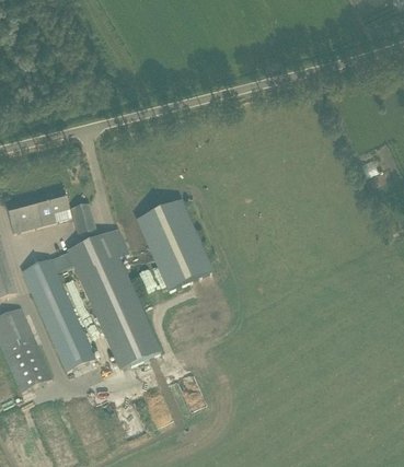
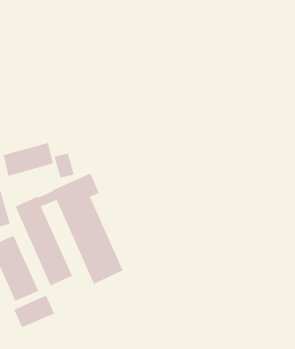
building: [137,199,210,290] -> none
building: none -> [14,295,55,328]

